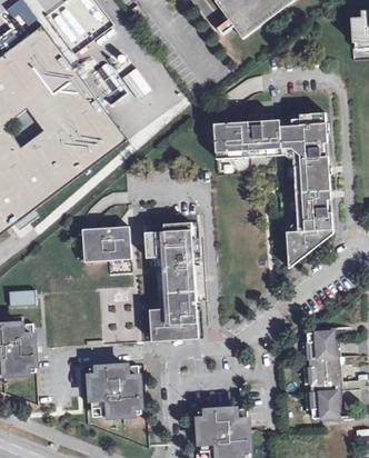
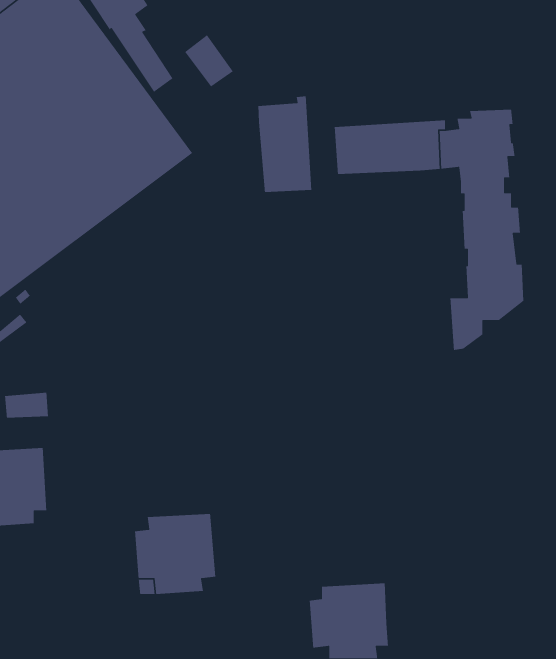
building: none -> [258,95,312,193]
building: [144,221,198,340] -> none
building: [82,226,130,261] -> none
building: [306,330,343,417] -> none

